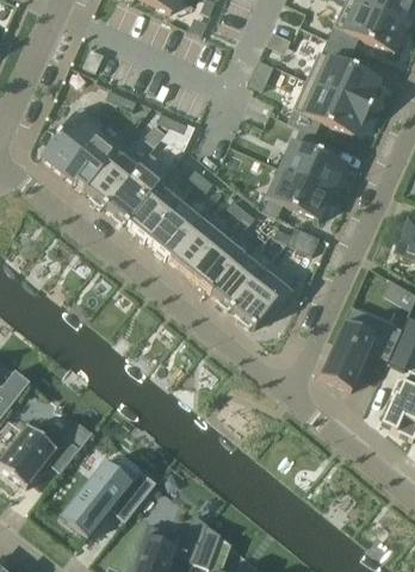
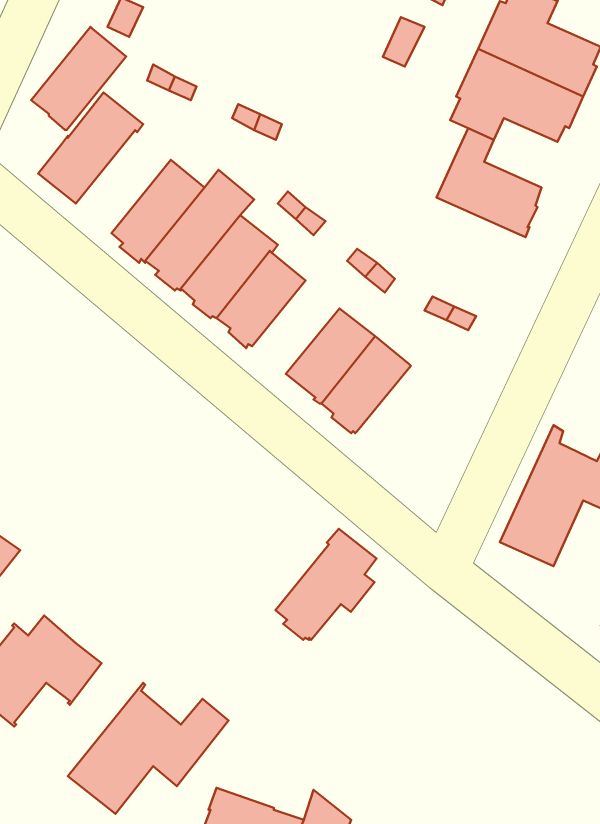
building: [63,128,120,189] -> [31,27,126,130]
building: [262,168,334,219] -> none
building: [169,218,222,274] -> none
building: [233,260,293,327] -> [275,529,376,640]

